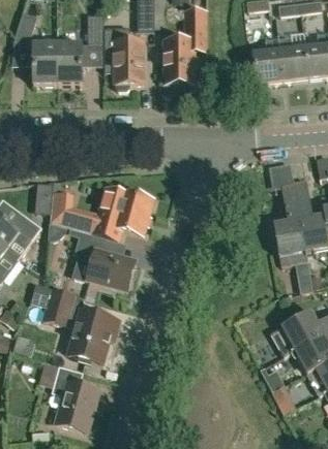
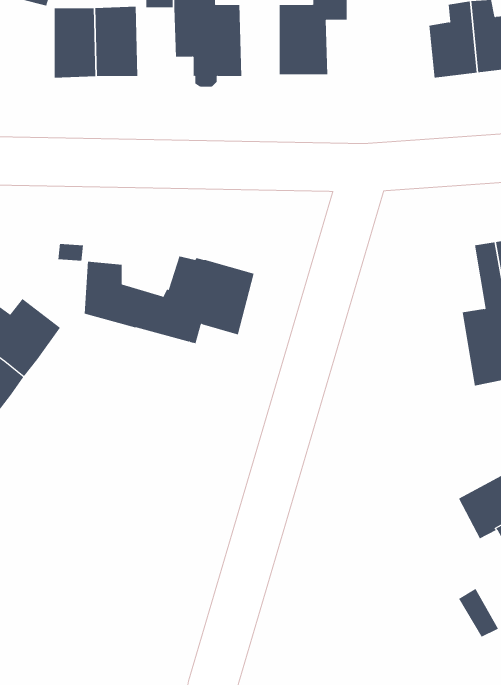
building: [76,231,135,291] -> none
building: [30,284,117,363] -> none
building: [51,365,97,431] -> none

